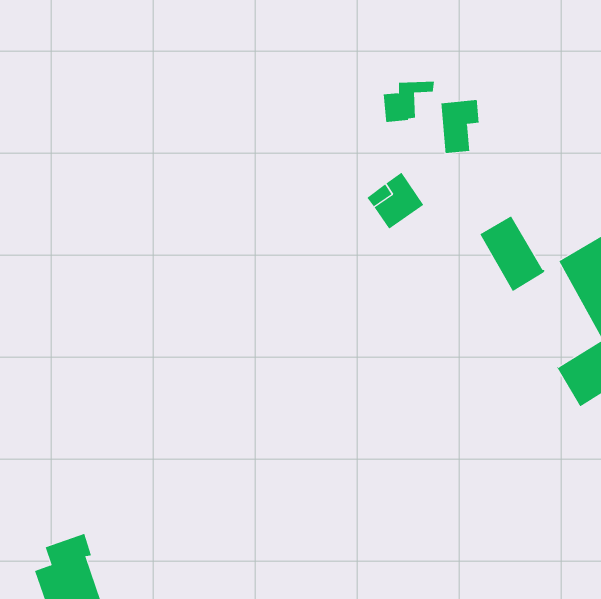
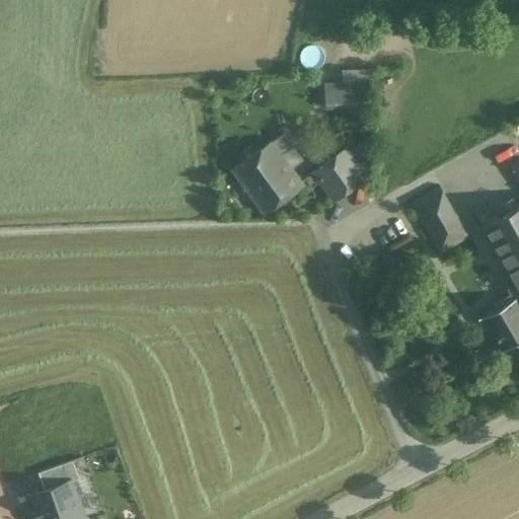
building: [441,99,479,154] -> none
building: none -> [234,134,303,214]

